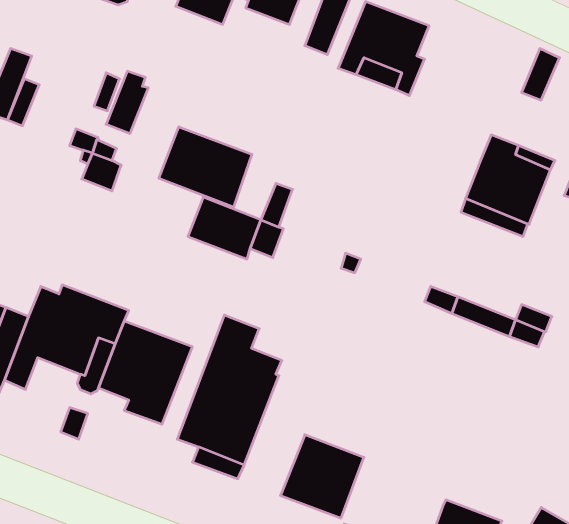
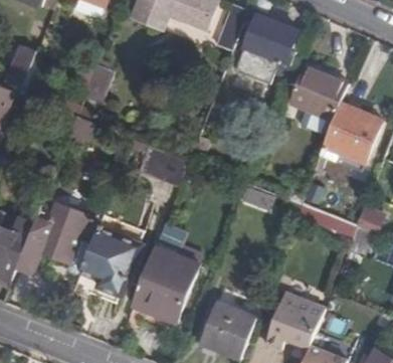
building: none -> [288,65,348,120]
building: [159,127,252,207] -> none
building: none -> [264,293,324,350]

